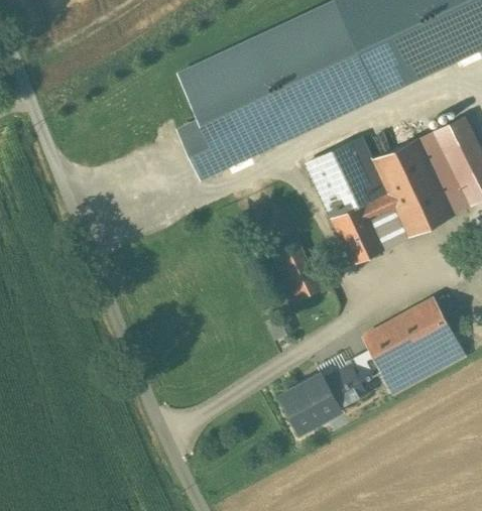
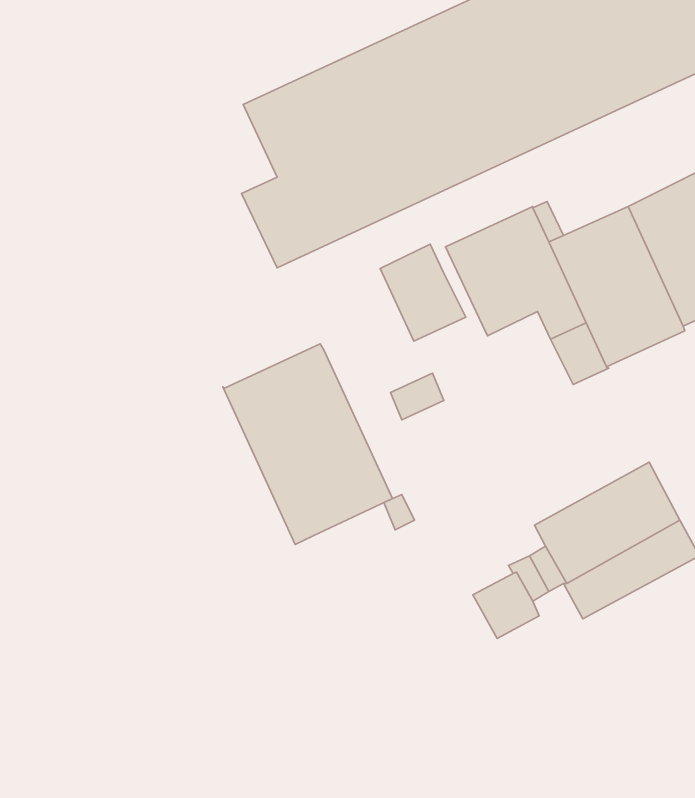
building: [332,204,385,264] -> [380,244,466,341]
building: none -> [223,344,392,544]
building: [278,259,320,302] -> none
building: [280,375,339,430] -> none

